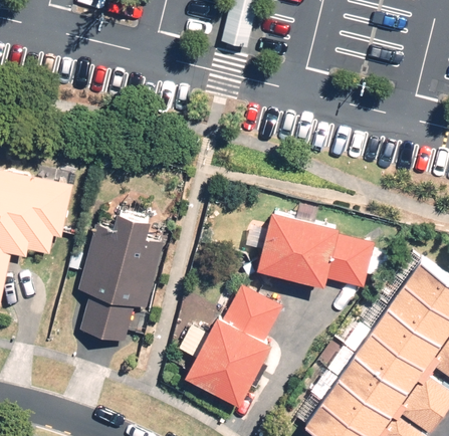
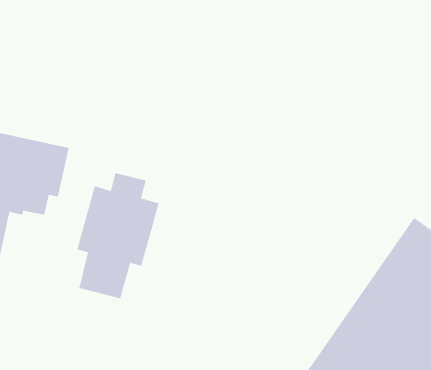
building: [258,210,372,287] -> none
building: [186,286,280,404] -> none

